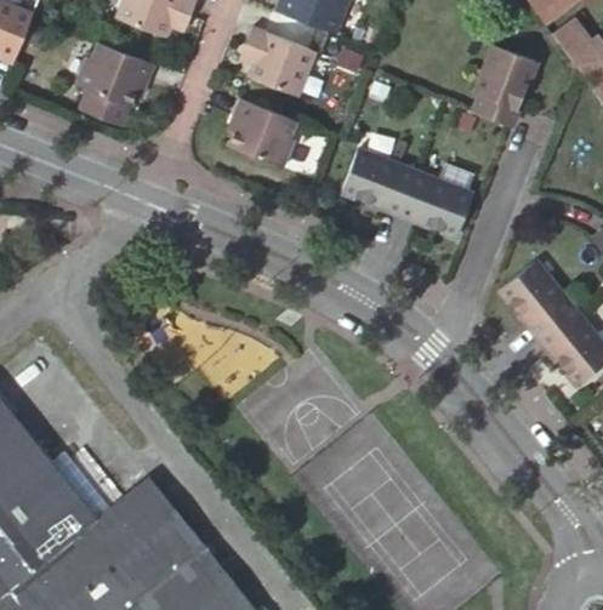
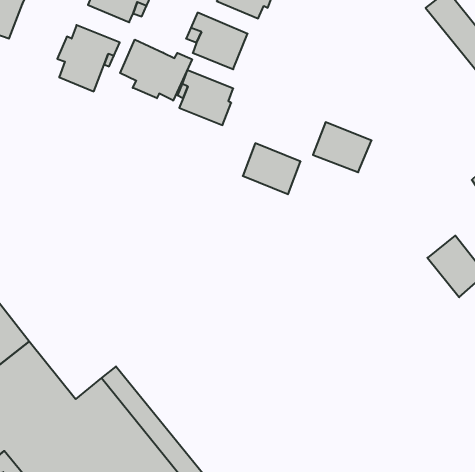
building: [476,46,540,129] -> none
building: none -> [120,40,192,101]
building: [340,144,413,209] -> [243,143,301,194]
building: [502,262,576,338] -> none

